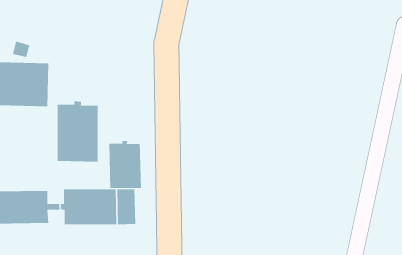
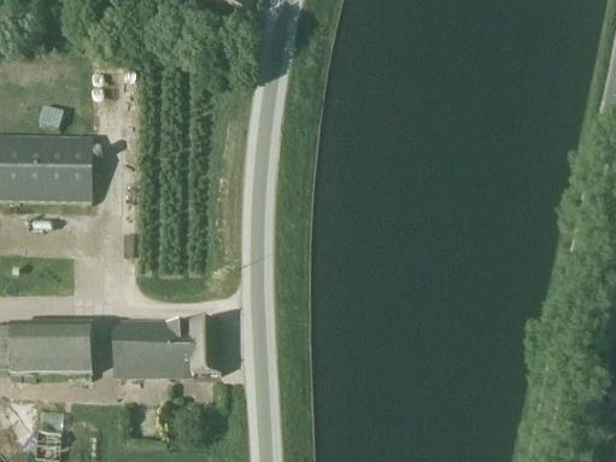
building: [57,100,98,163] -> none
building: [109,140,141,189] -> none

